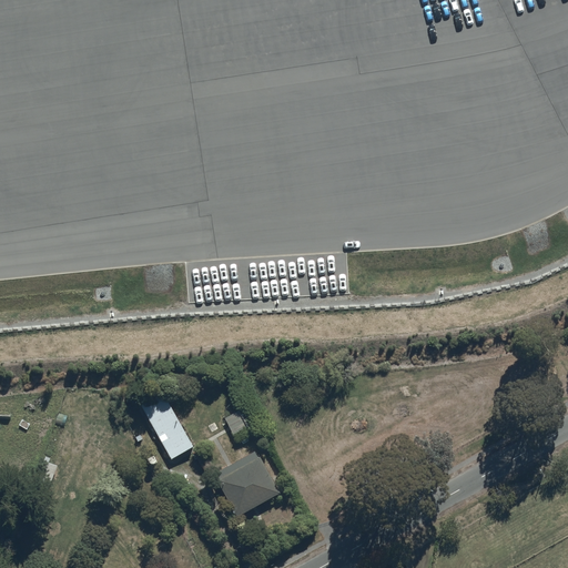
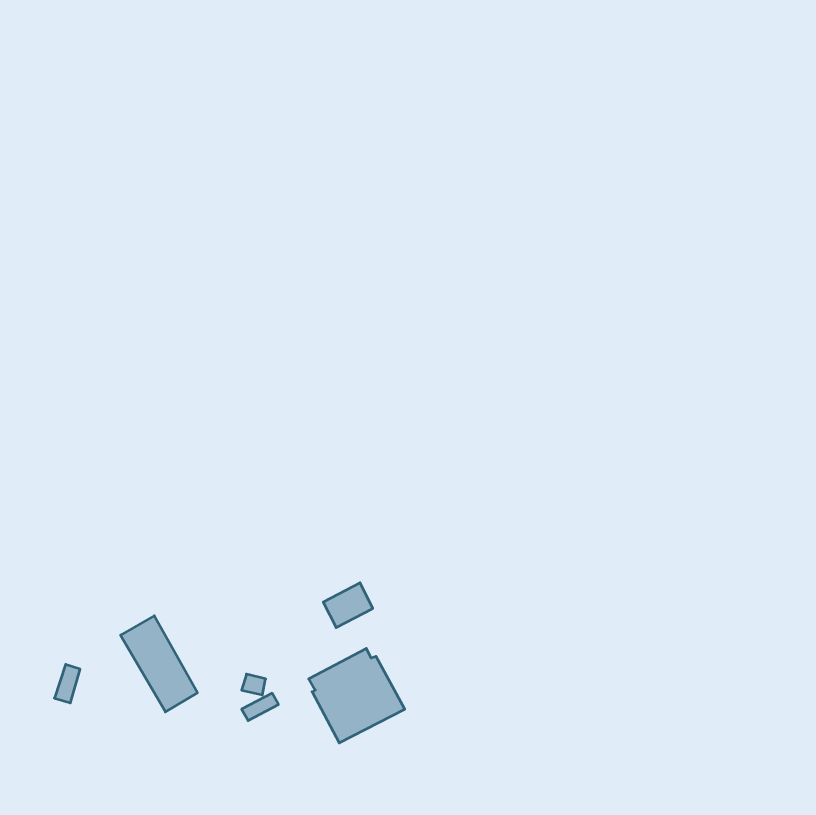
building: [140,394,193,460] -> [121,616,197,712]

